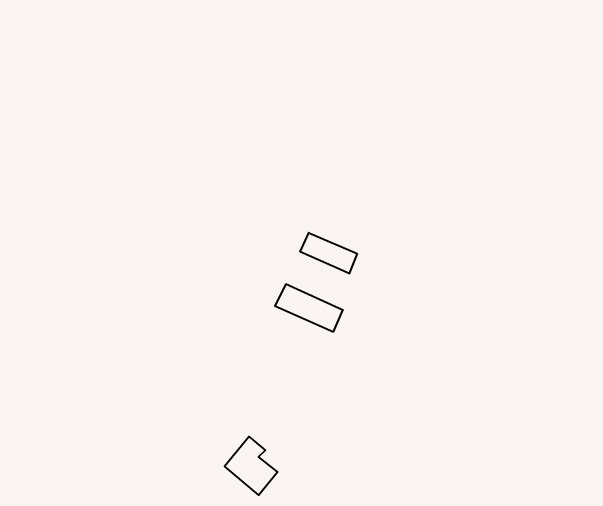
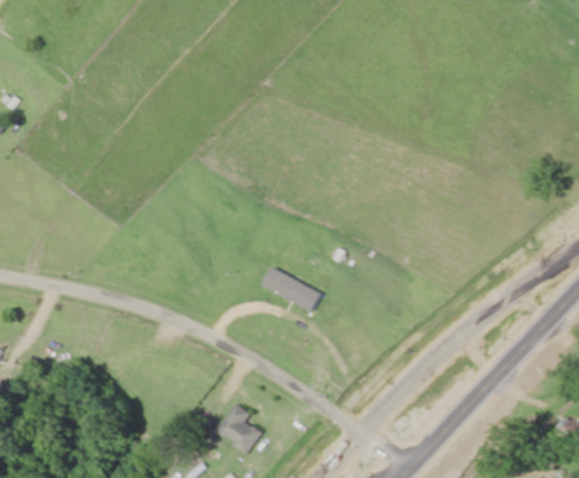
building: [300,233,357,274] -> none

